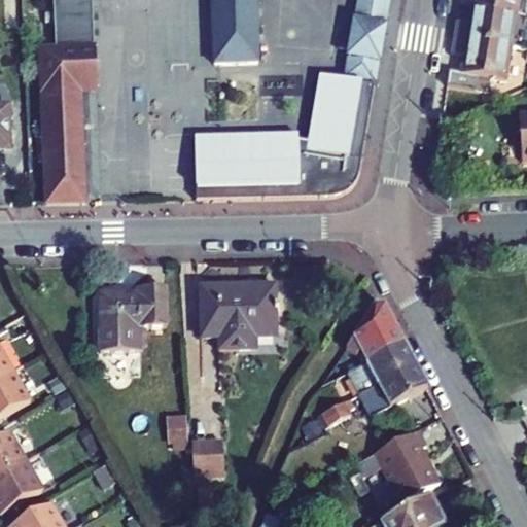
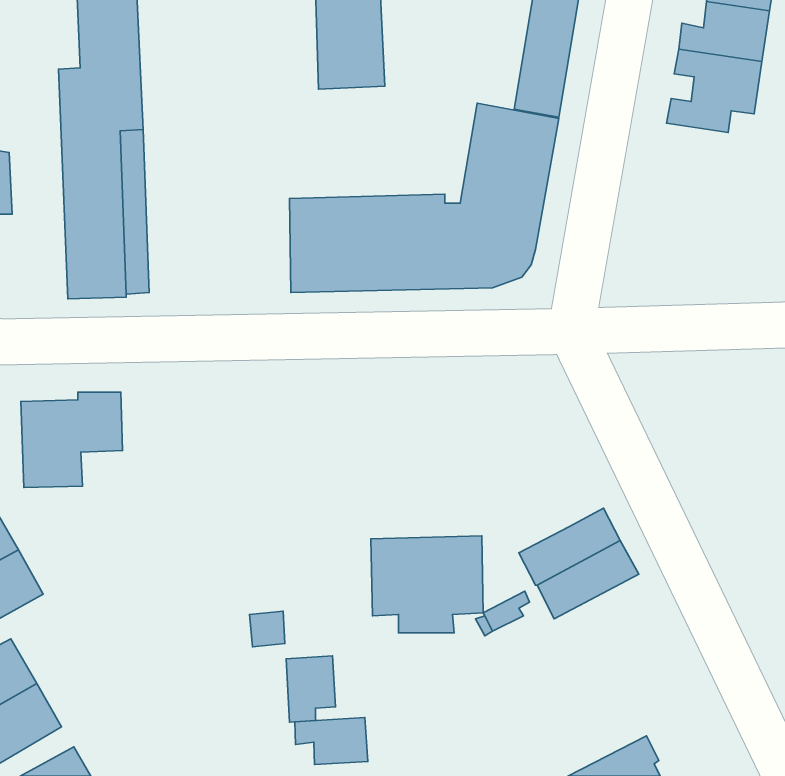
building: [200,281,275,346] -> [371,536,483,633]
building: [98,284,166,348] -> [21,392,122,488]
building: [346,303,403,353] -> none
building: [374,427,438,500] -> none
building: none -> [295,718,368,765]

